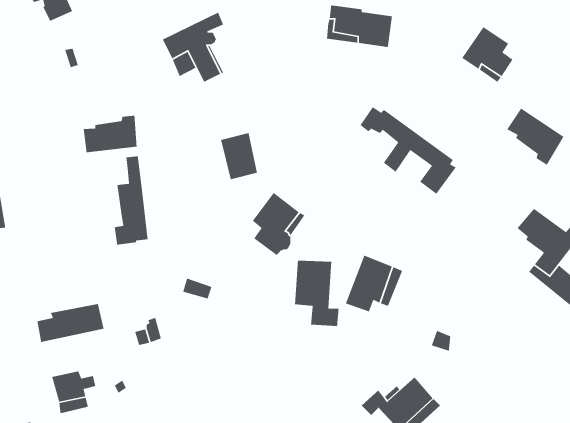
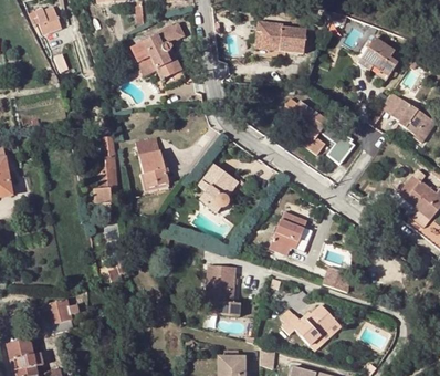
building: [83,115,137,153] -> none
building: [220,132,258,180] -> [139,149,168,186]
building: [294,260,339,327] -> [206,264,240,315]
building: [37,303,105,343] -> none

